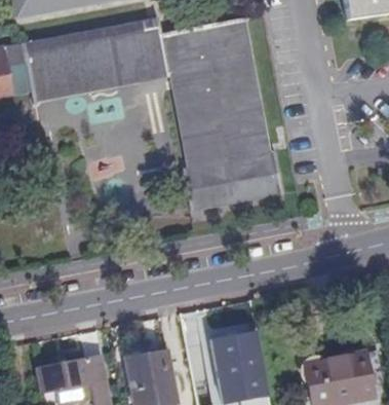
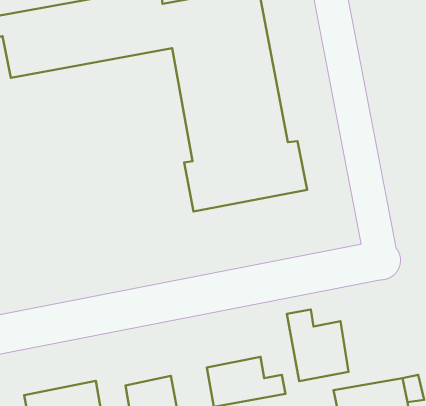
building: none -> [287,310,349,381]

